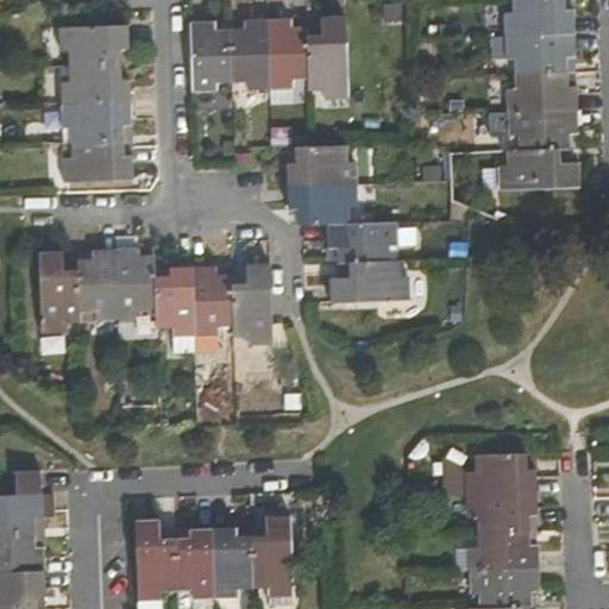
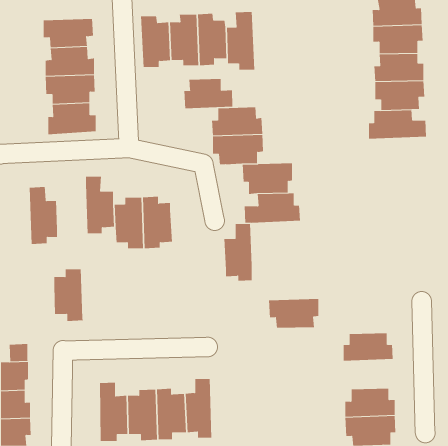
building: none -> [184,78,233,109]
building: [77,250,119,321] -> [53,269,84,321]
building: [232,265,271,344] -> [224,223,252,281]
building: [465,488,534,528] -> [268,299,319,328]

